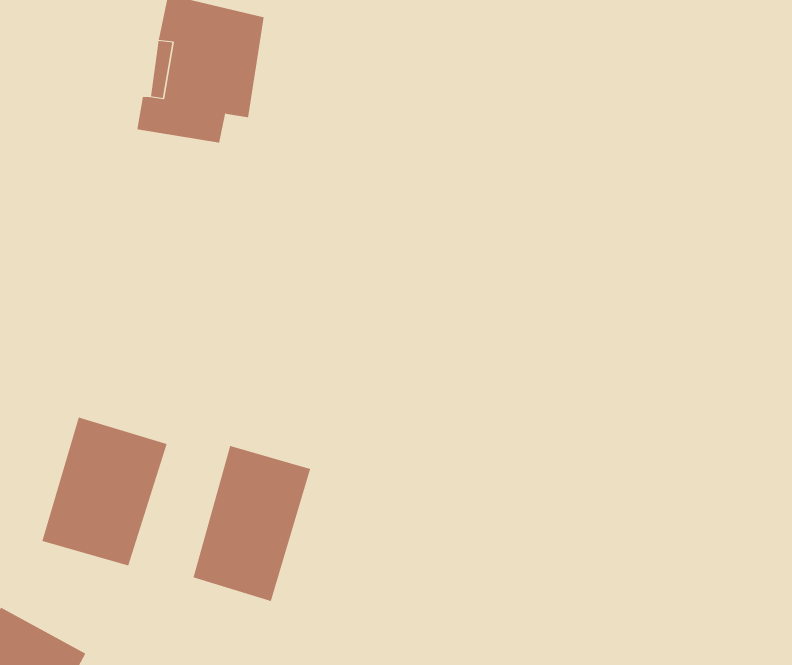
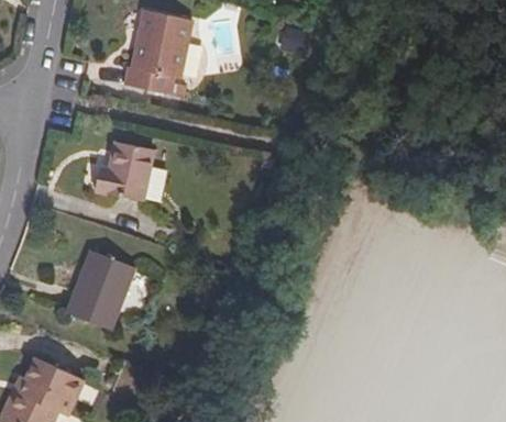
building: none -> [89,140,151,198]
building: [193,445,311,602] -> none

